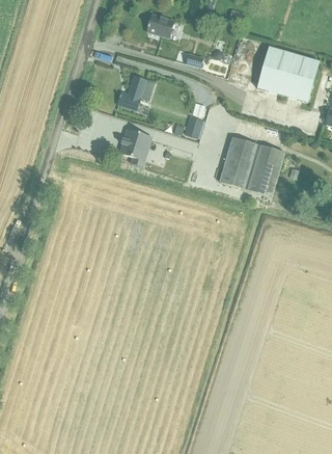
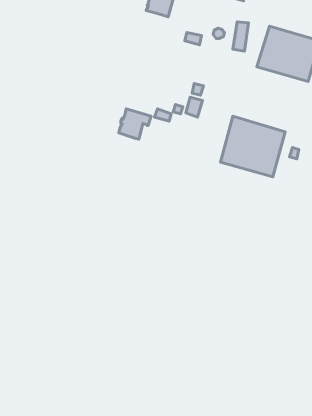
building: [117,75,146,110] -> none

